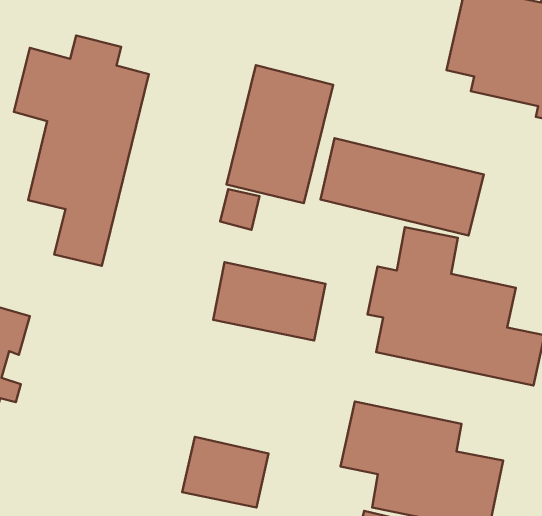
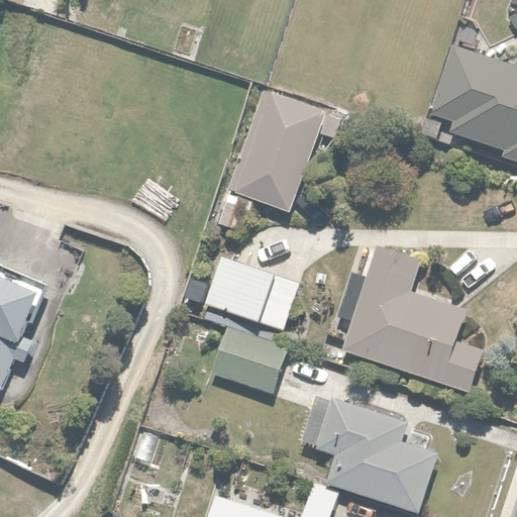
building: [14,36,149,266] -> none
building: [320,138,484,236] -> none
building: [182,437,268,507] -> [211,328,289,395]

